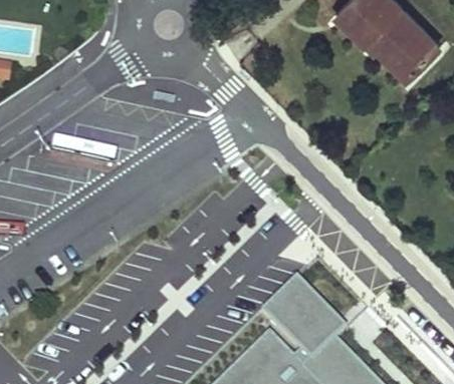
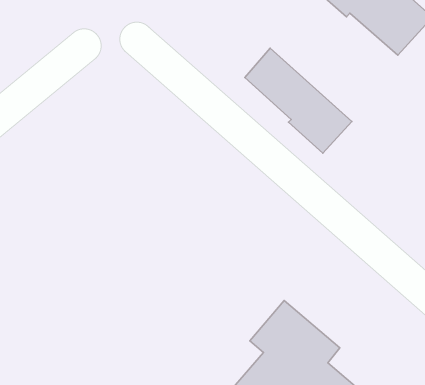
building: none -> [245,48,352,153]

